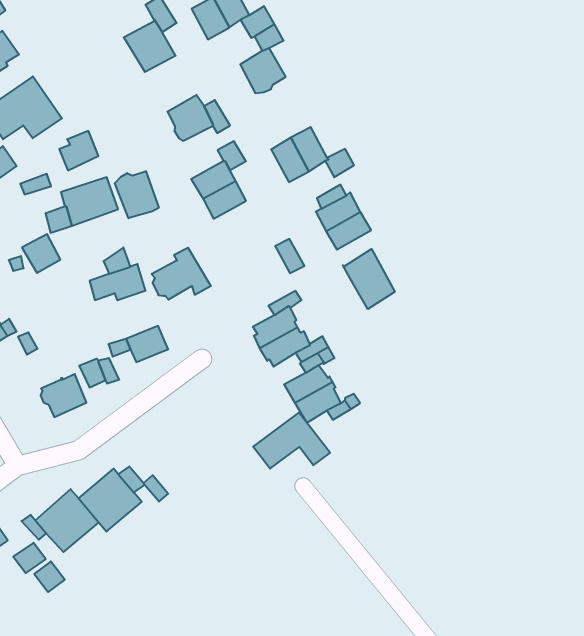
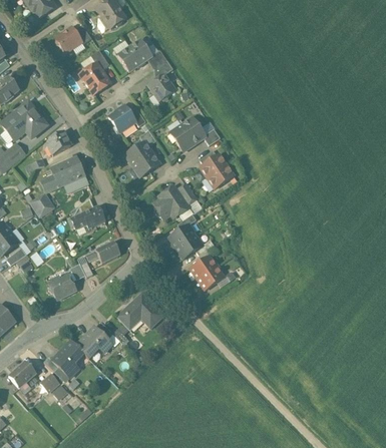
building: [115,171,159,218] -> none
building: [152,248,211,300] -> [152,186,187,217]
building: [343,249,395,309] -> none
building: [253,412,330,469] -> [117,294,162,328]

